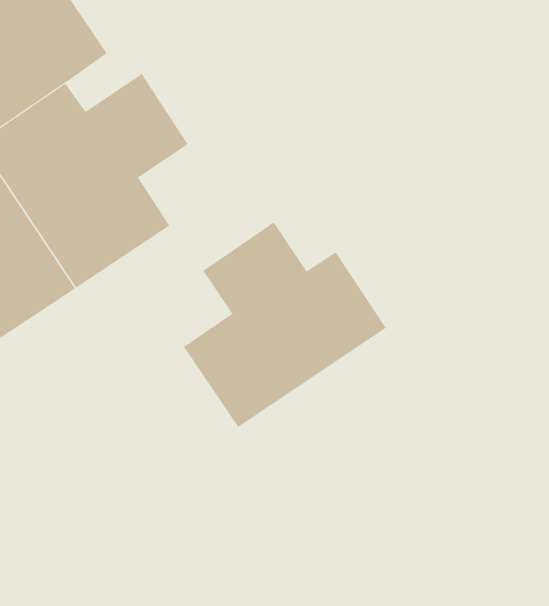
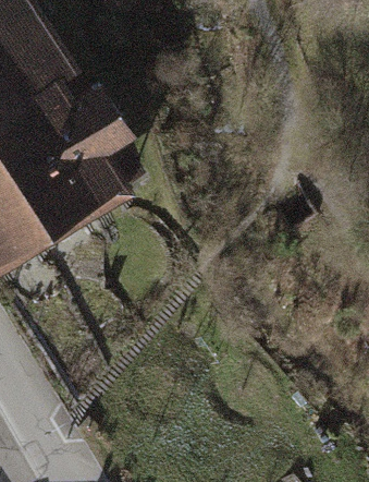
building: [183,222,387,428] -> none

